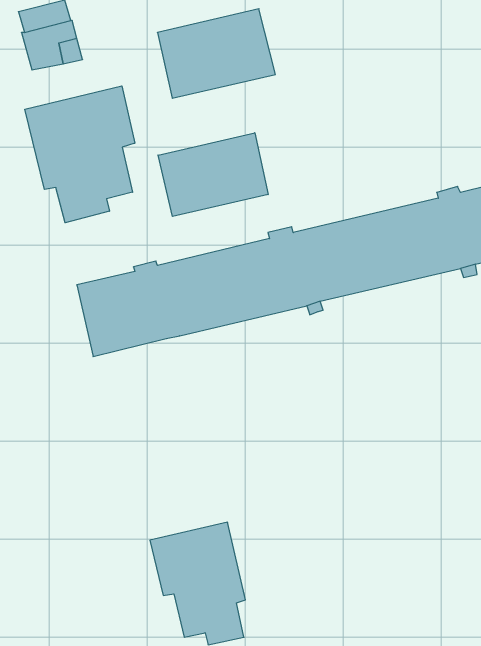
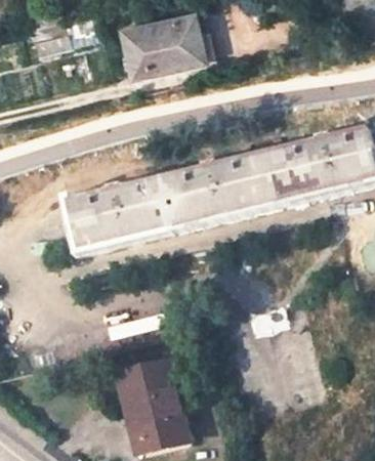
building: [25,86,135,223] -> none
building: [158,133,268,216] -> none

